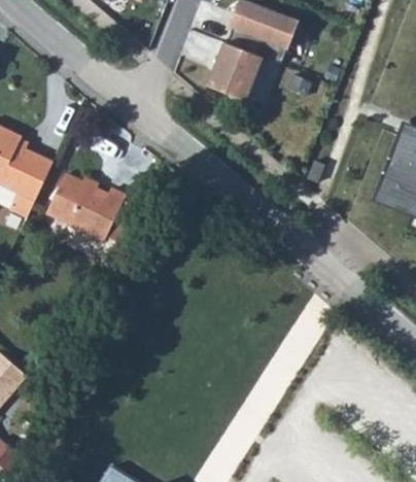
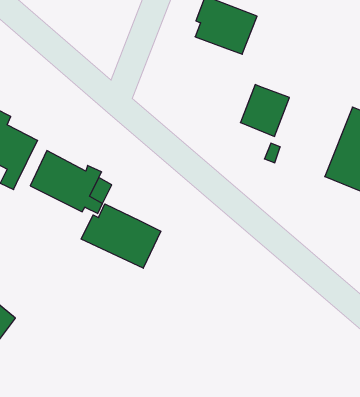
building: [208,42,263,100] -> [240,85,289,136]
building: none -> [81,204,161,268]

